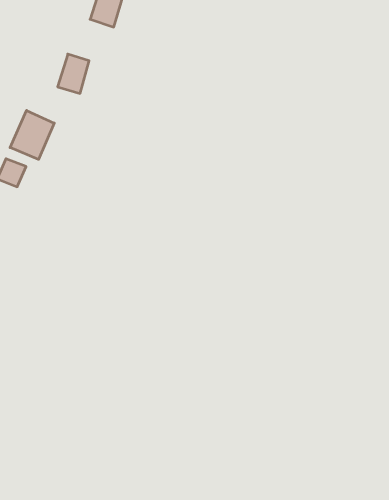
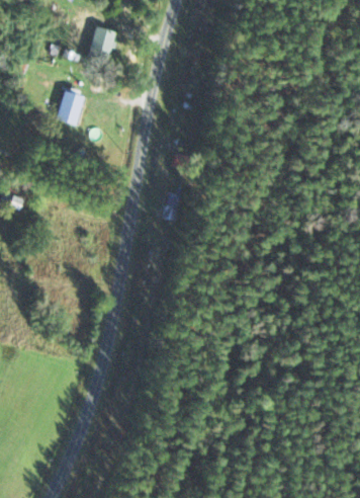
building: [10,110,54,159] -> none

